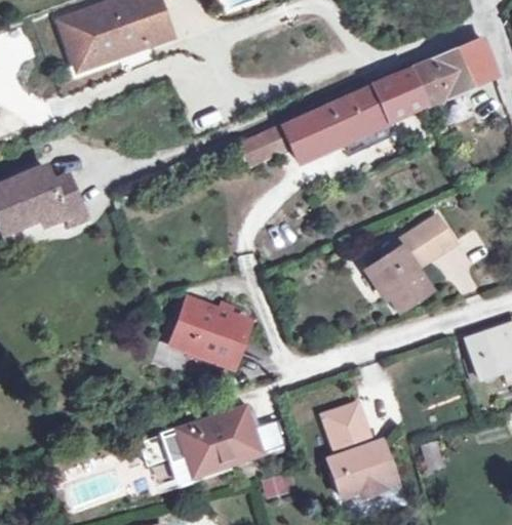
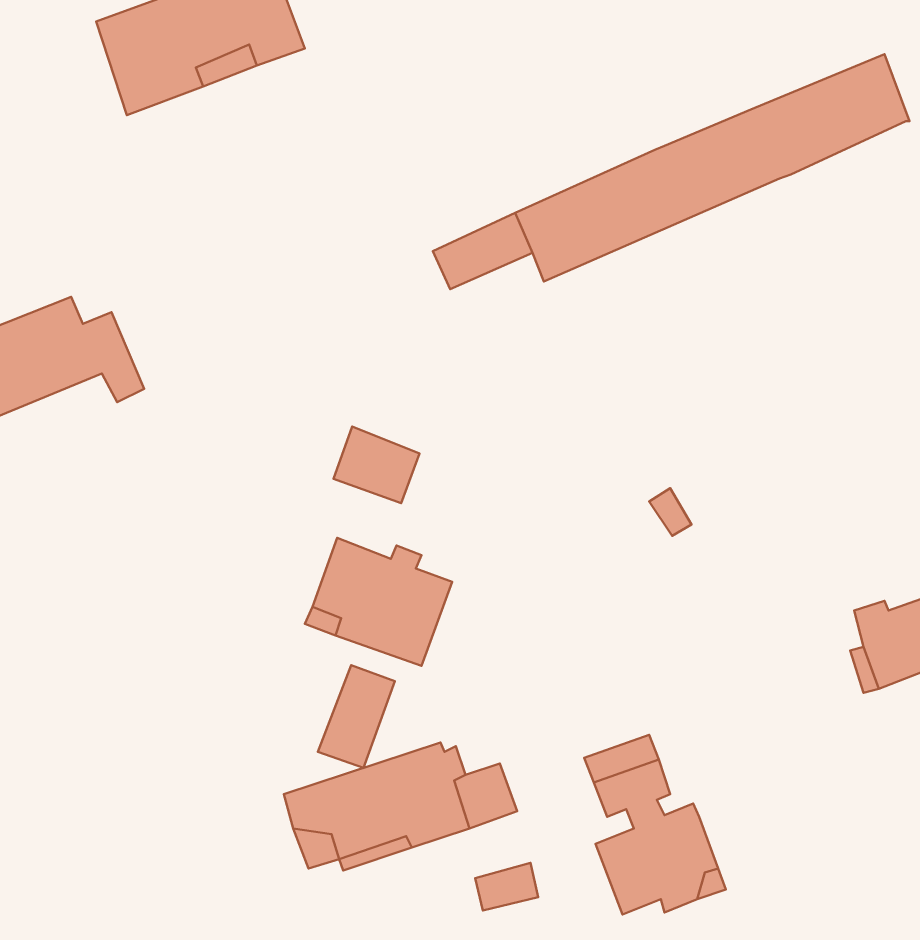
building: [371,215,455,311] -> none
building: none -> [334,427,420,503]
building: none -> [318,665,395,768]

